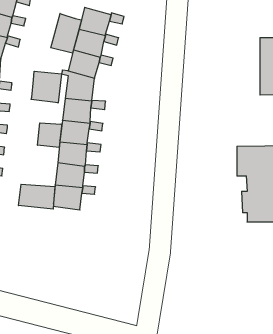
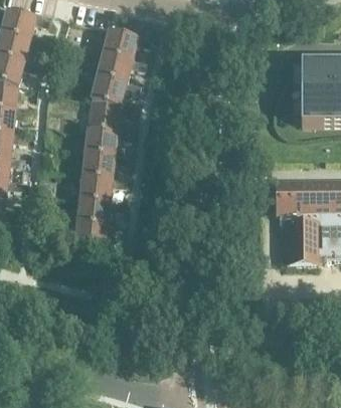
building: [51,13,81,53] -> none
building: [31,71,62,103] -> none
building: [38,123,62,147] -> none
building: [19,184,55,209] -> none

